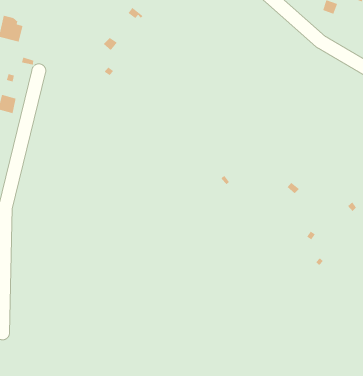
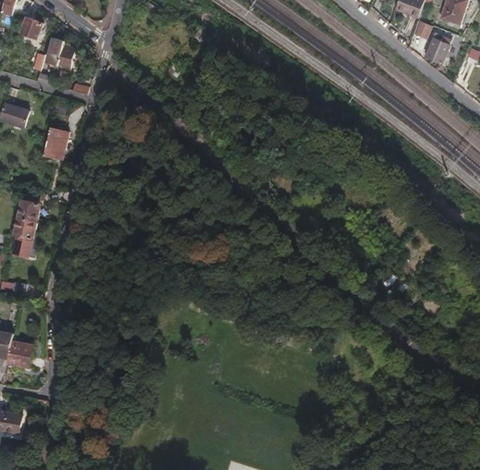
building: none -> [423,34,451,64]

